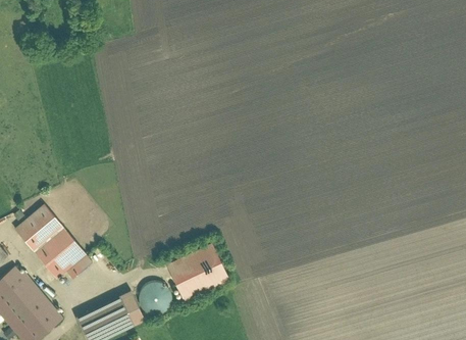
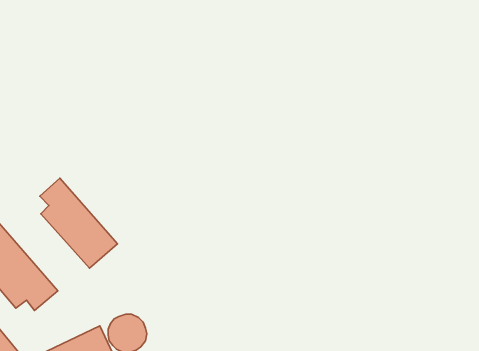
building: none -> [40,178,118,268]
building: [166,243,228,301] -> none

